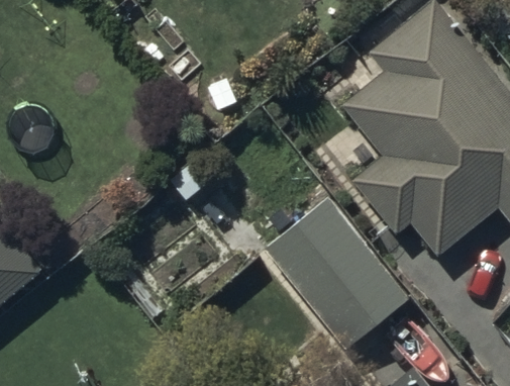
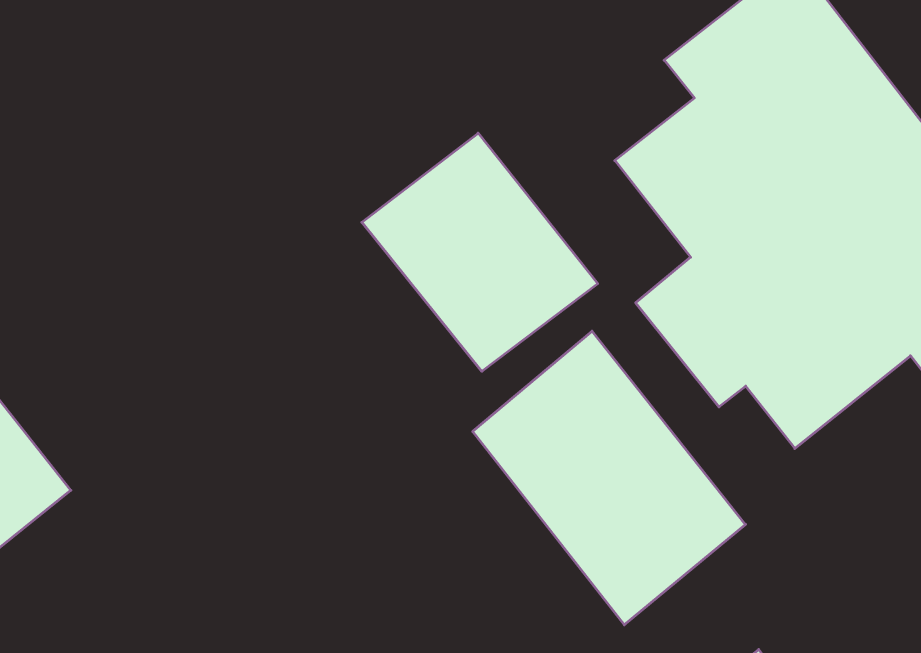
building: none -> [362,133,598,371]

